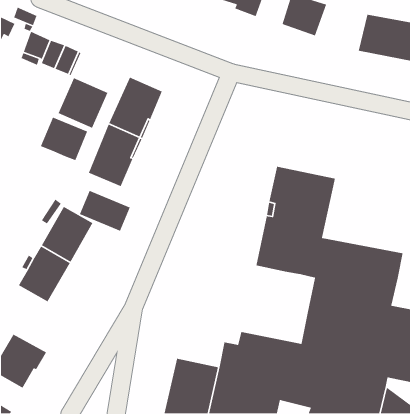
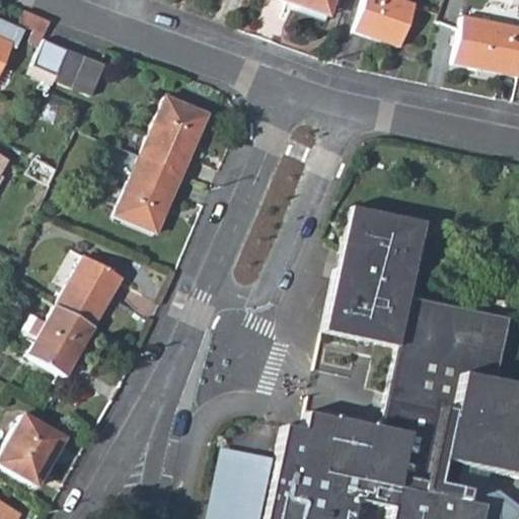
building: [57,77,109,129] -> none
building: [40,117,88,161] -> none
building: [79,190,131,232] -> none

